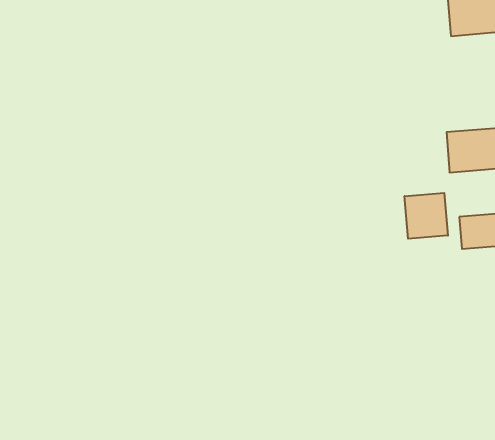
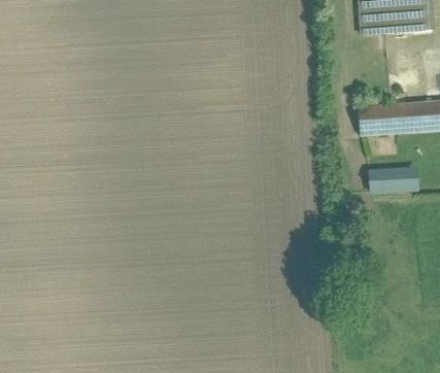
building: [405,193,448,239] -> none

